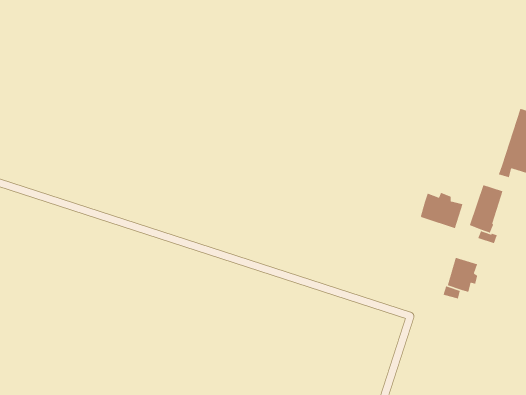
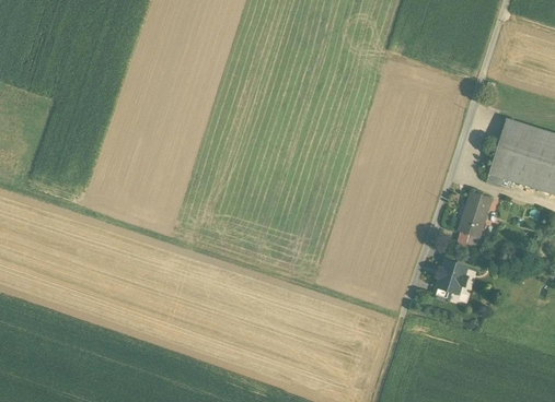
building: [420,192,464,229] -> none

